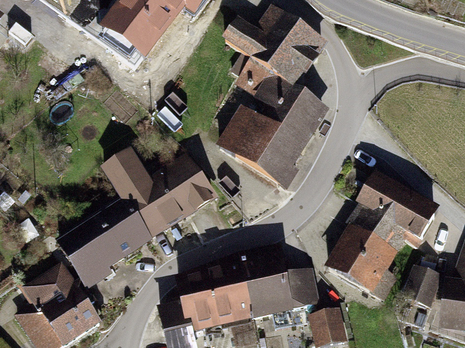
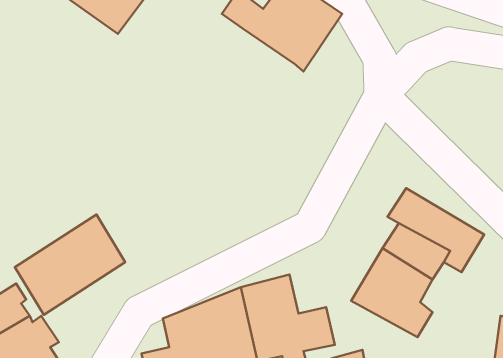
building: [220,52,323,184] -> none
building: [105,155,212,238] -> none
building: [403,269,440,305] -> none

